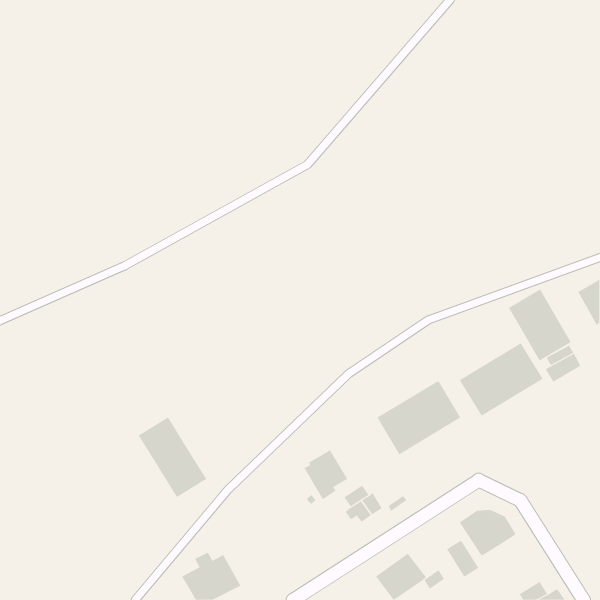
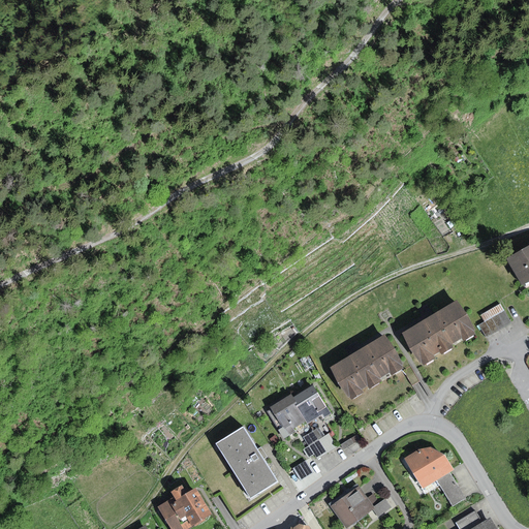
building: [508,289,571,361] -> none
building: [138,417,207,498] -> [216,427,277,498]
building: none -> [291,384,331,423]
building: [446,540,479,577] -> [436,472,465,505]

